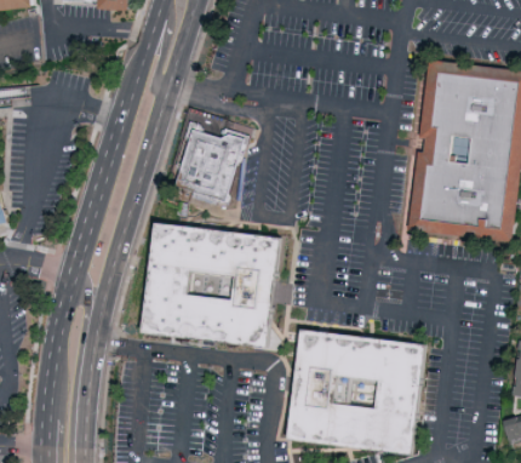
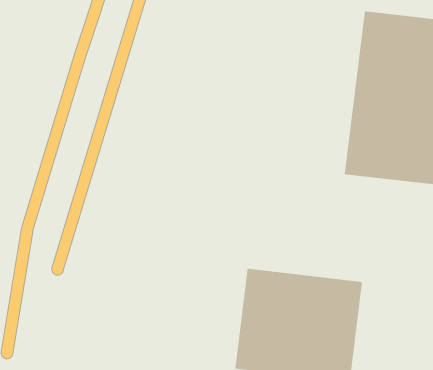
building: [171,115,245,202] -> none
building: [141,223,276,347] -> none

